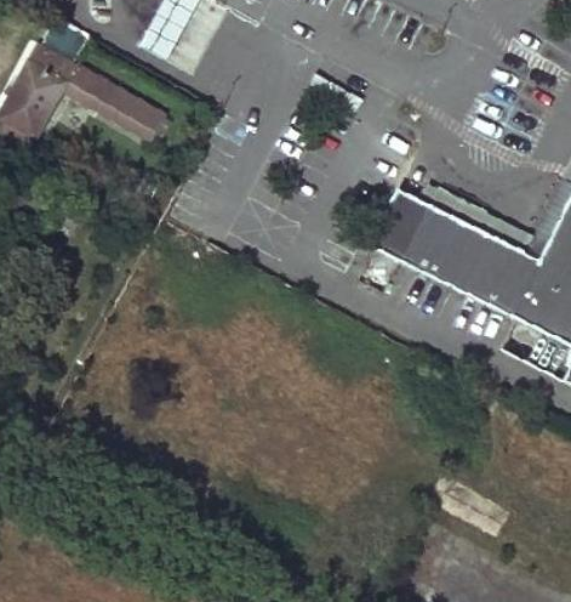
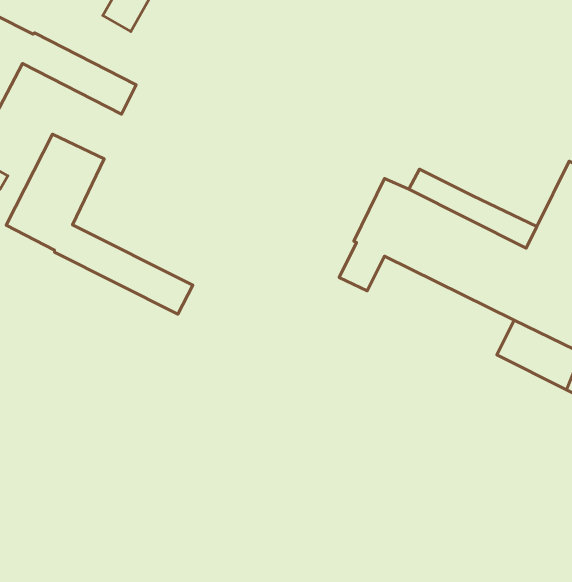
building: none -> [6,134,193,314]

